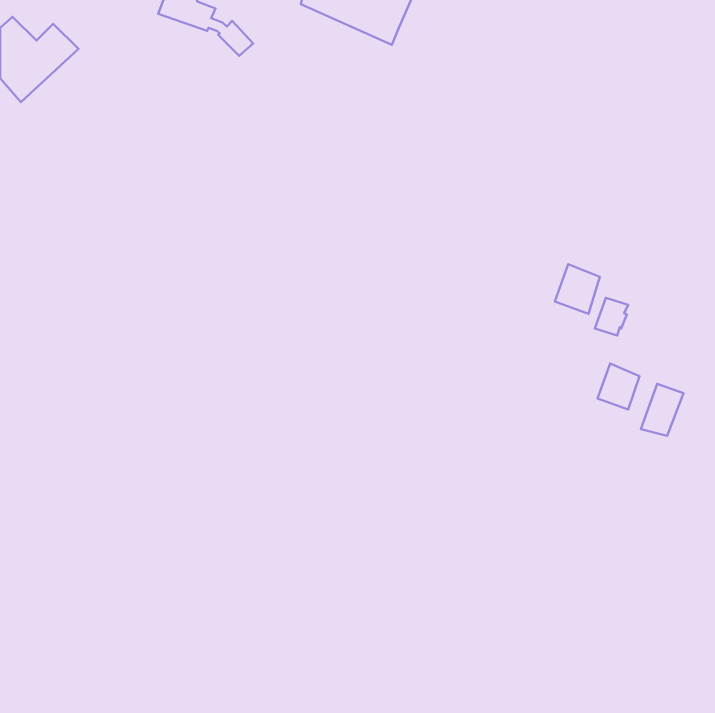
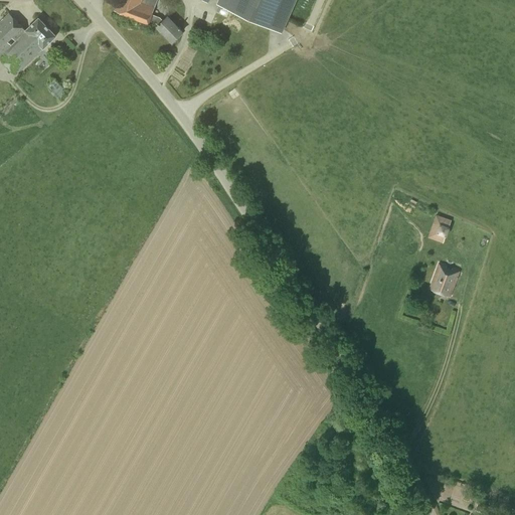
building: [555,264,600,314] -> none
building: [641,384,683,436] -> none

